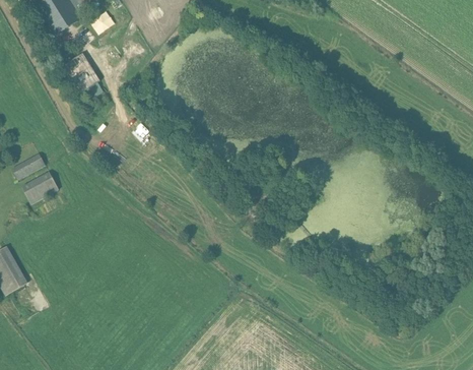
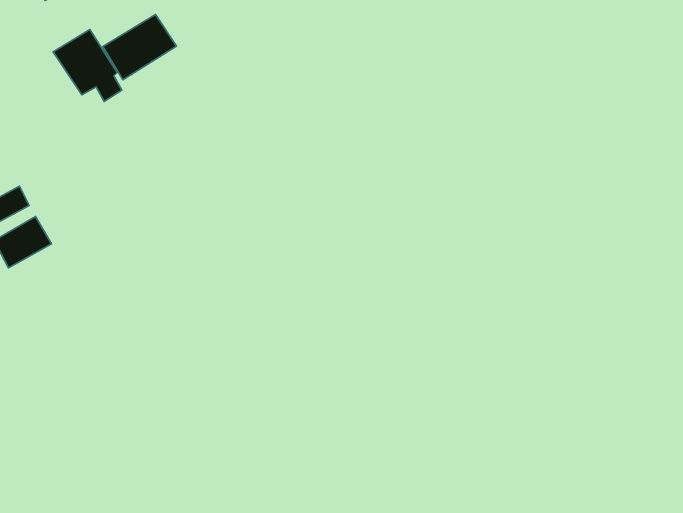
building: none -> [103,14,176,80]

